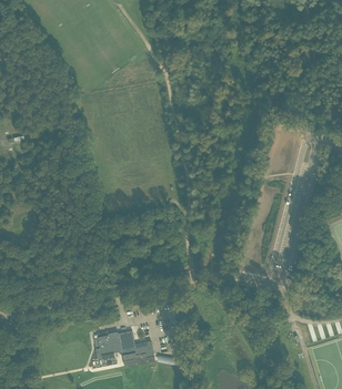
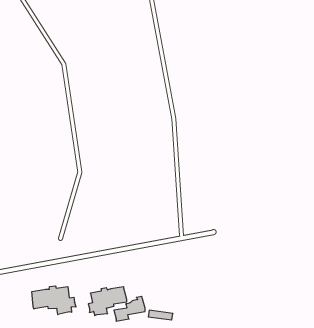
building: none -> [32,286,76,315]

